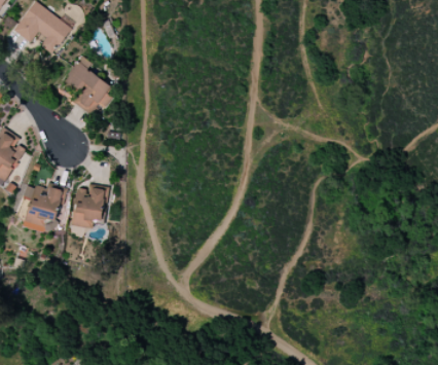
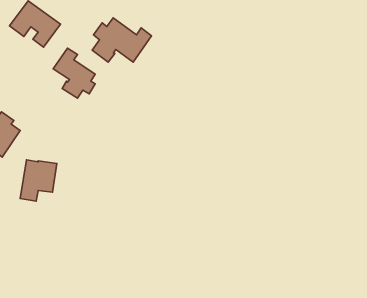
building: none -> [92,18,151,62]
building: [72,186,108,227] -> none

